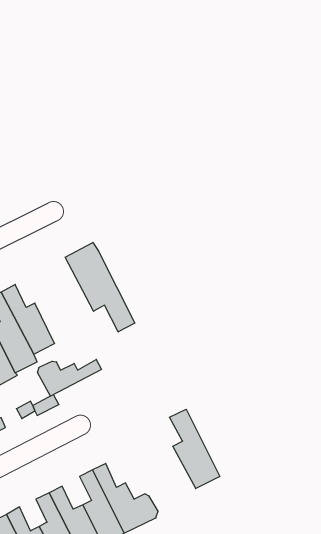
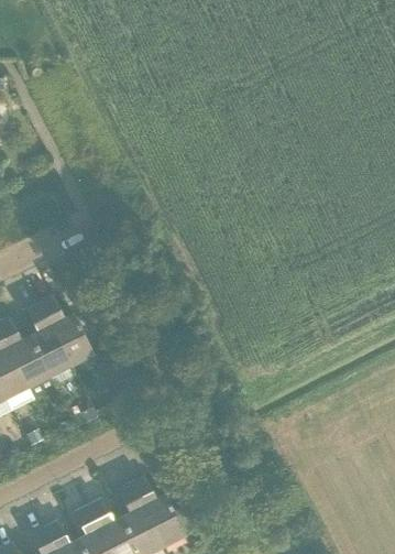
building: [65,242,135,332] -> none
building: [38,359,101,396] -> none
building: [169,409,220,489] -> none

